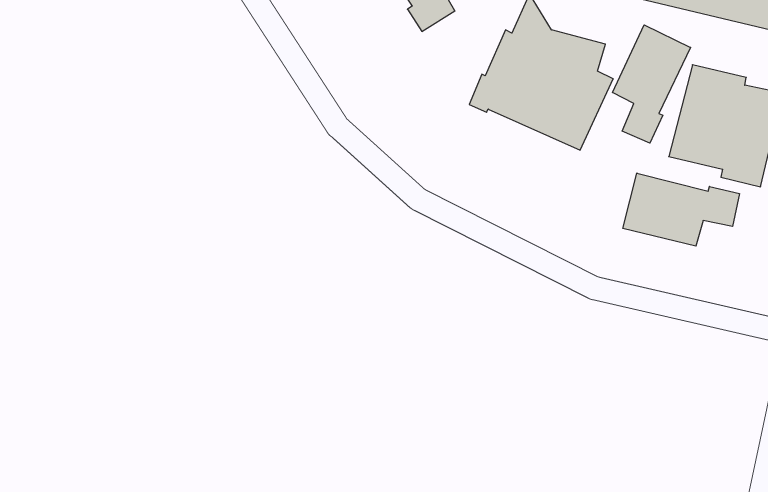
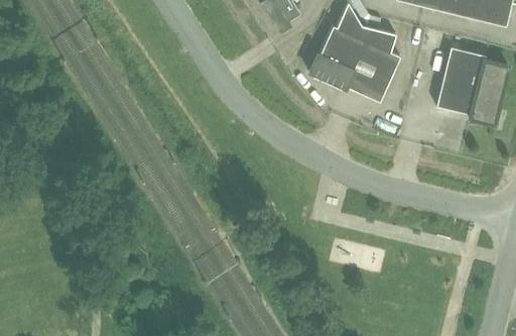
building: [613,25,691,143] -> none
building: [623,173,739,246] -> none

